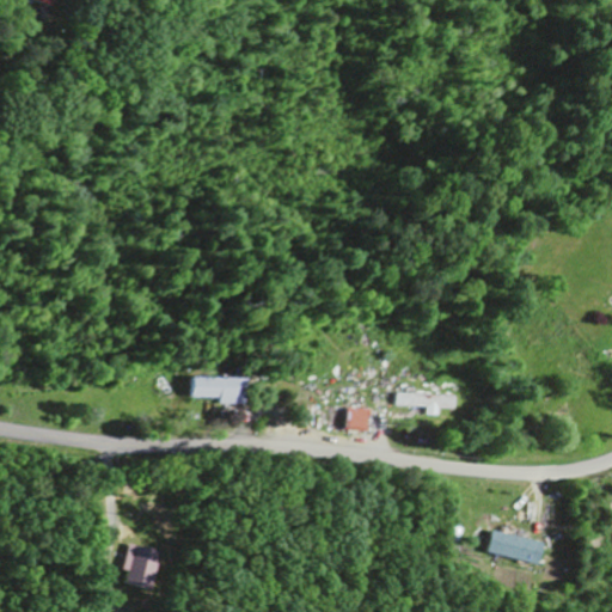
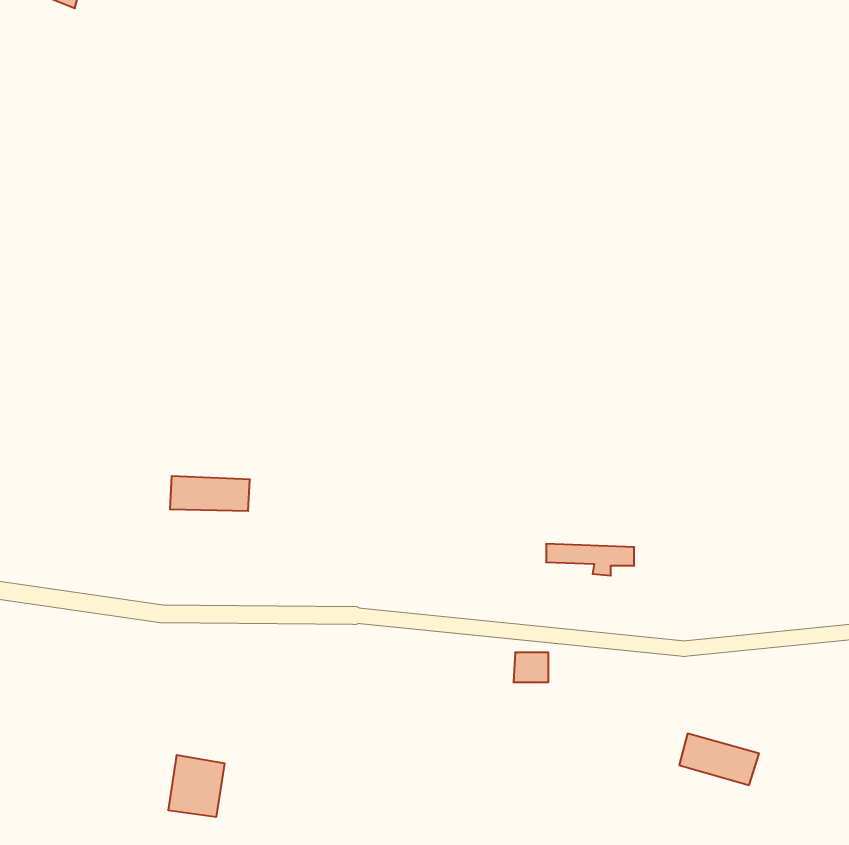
building: [188,374,245,399] -> [170,476,250,511]
building: [347,406,372,428] -> [513,652,548,682]

